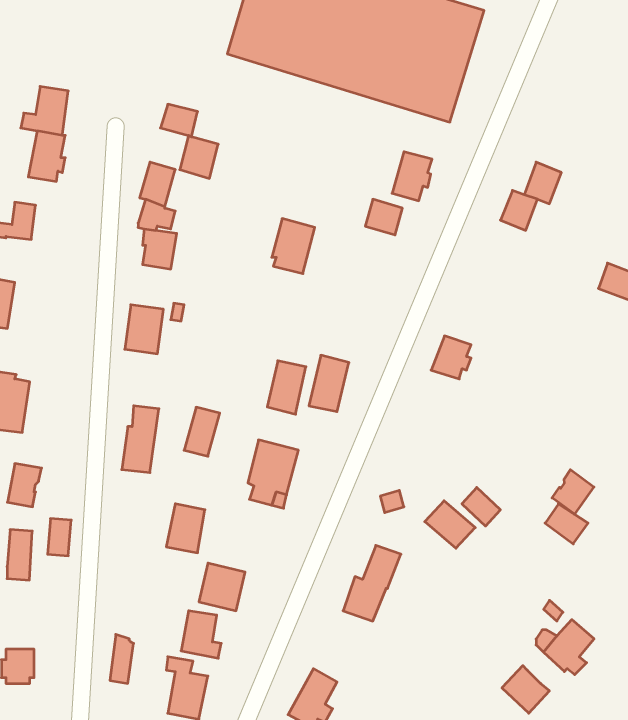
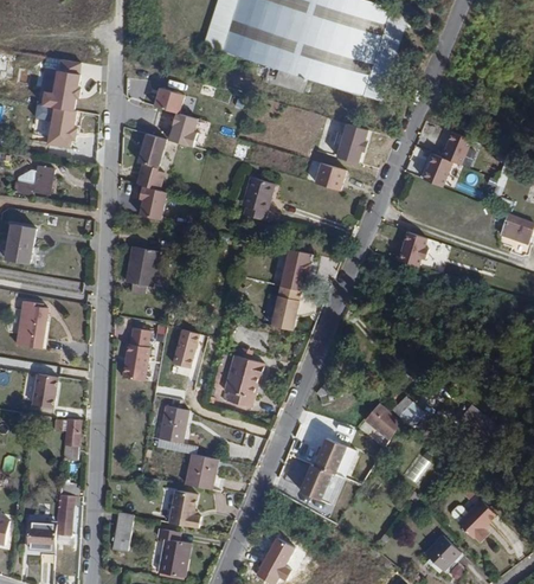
building: [431,336,471,379] -> [397,233,429,268]
building: [267,361,306,414] -> [281,250,311,293]
building: [552,470,594,514] -> none
building: [7,530,32,580] -> [56,494,76,534]

